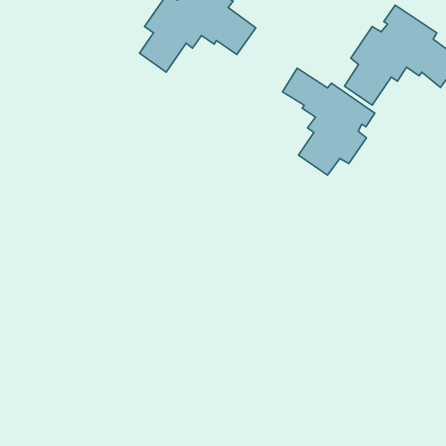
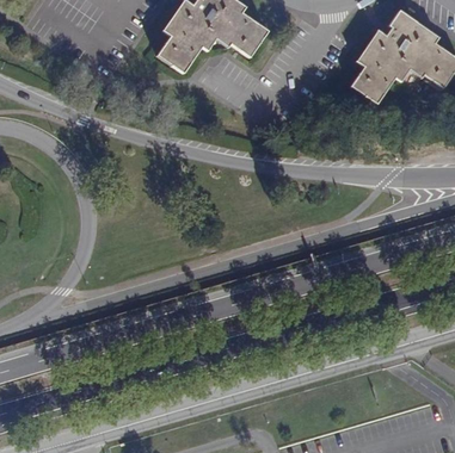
building: [282,68,375,175] -> none

